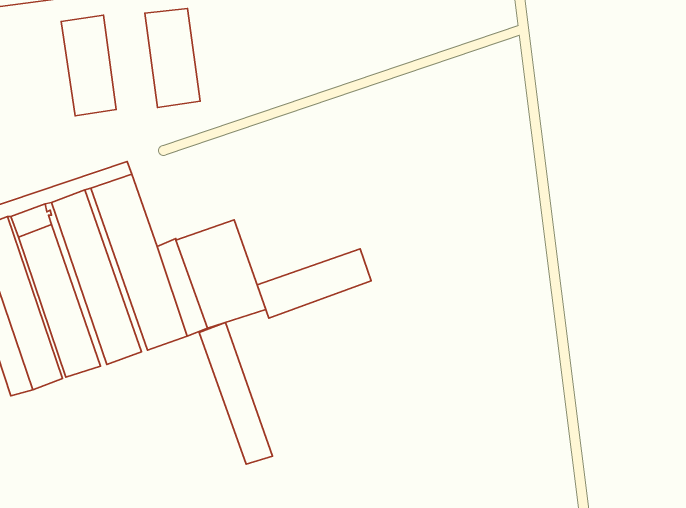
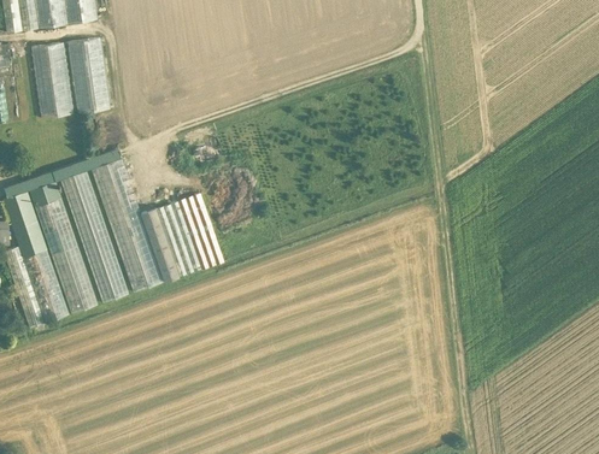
building: [145,8,200,108] -> [30,42,72,118]
building: [257,249,371,318] -> none
building: [199,322,272,464] -> none

